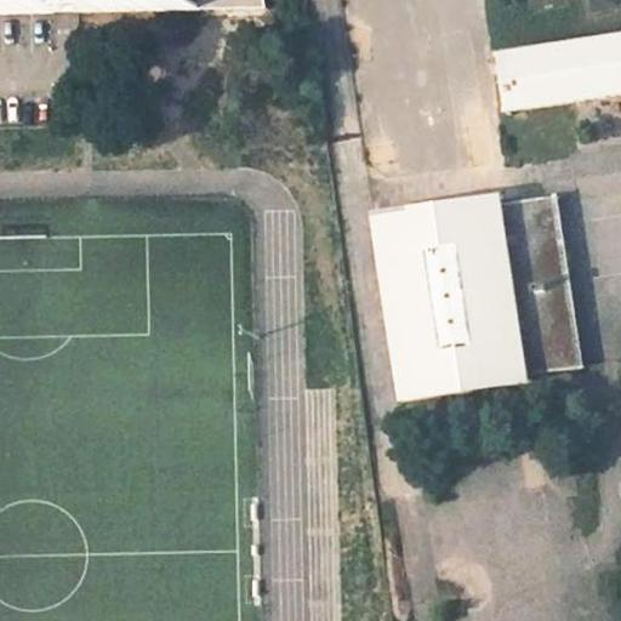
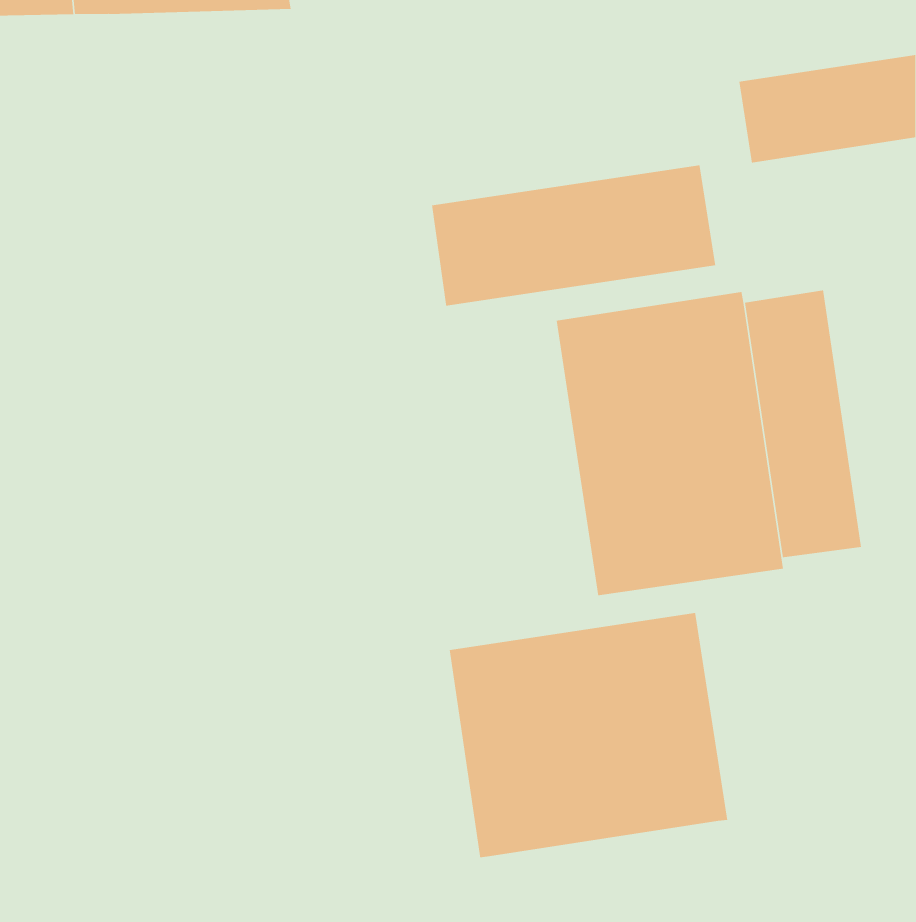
building: none -> [431,165,716,307]
building: none -> [449,612,728,858]

